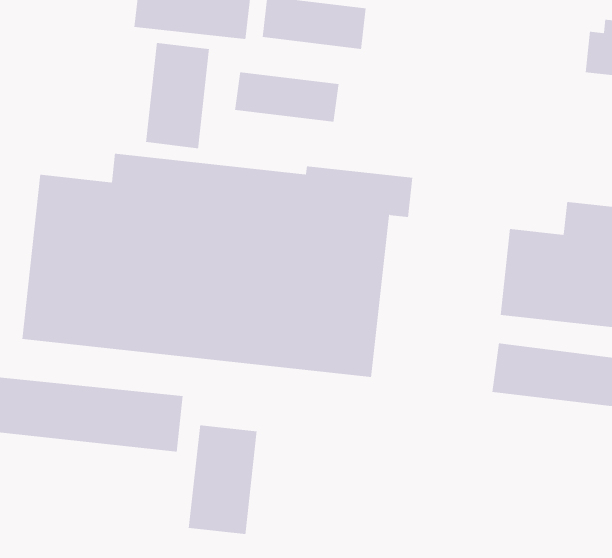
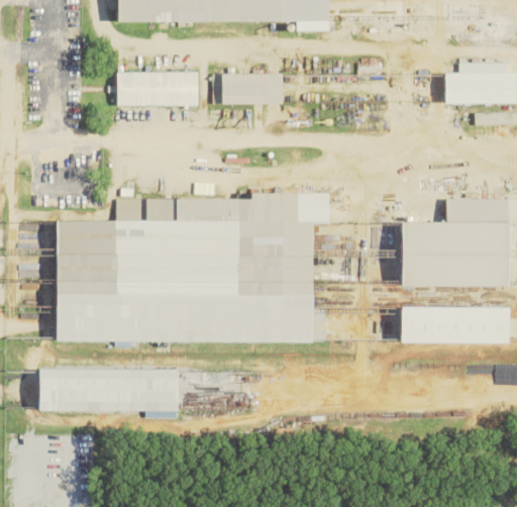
building: [146,42,209,149] -> none
building: [235,71,339,123] -> none
building: [188,425,257,535] -> none

